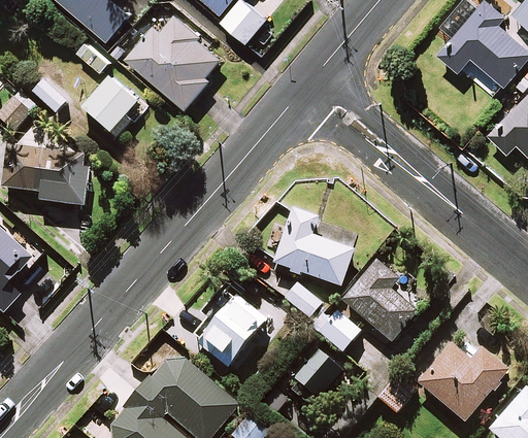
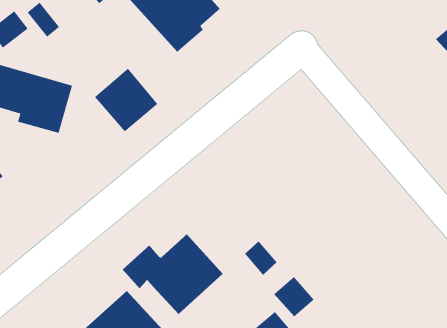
building: [81,75,145,139] -> [94,68,158,132]
building: [273,209,355,287] -> none
building: [341,260,417,342] -> none

